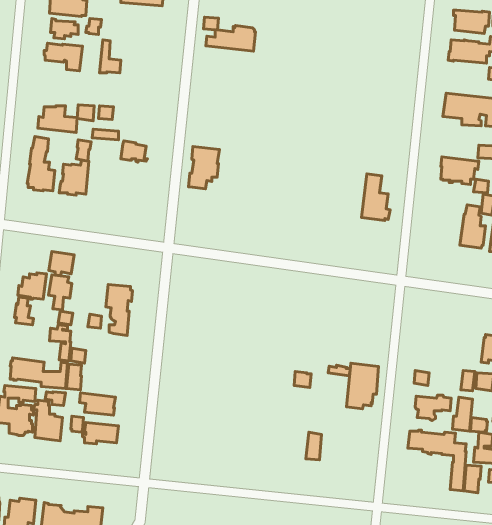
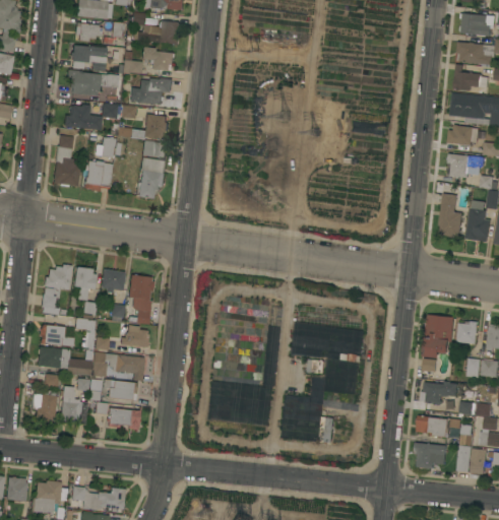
building: [204,17,256,51] -> [131,12,181,45]
building: none -> [141,46,175,71]
building: none -> [454,64,489,90]
building: none -> [67,69,119,95]
building: none -> [130,77,173,105]
building: none -> [142,114,169,138]
building: none -> [448,124,479,144]
building: [189,146,219,189] -> [136,157,166,198]
building: [362,174,390,221] -> [438,193,465,238]
building: [49,251,74,276] -> [101,269,125,292]
building: none -> [457,321,479,343]
building: none -> [39,323,73,346]
building: none -> [120,325,148,347]
building: [347,363,378,409] -> [424,314,454,358]
building: none -> [104,353,144,380]
building: none -> [414,442,447,469]

